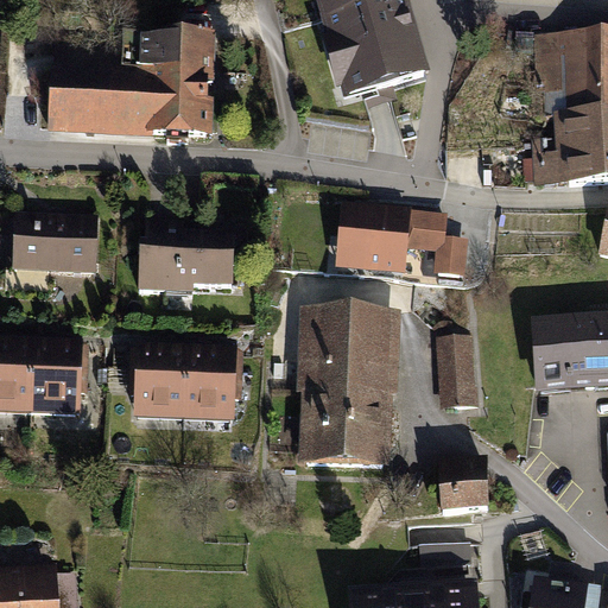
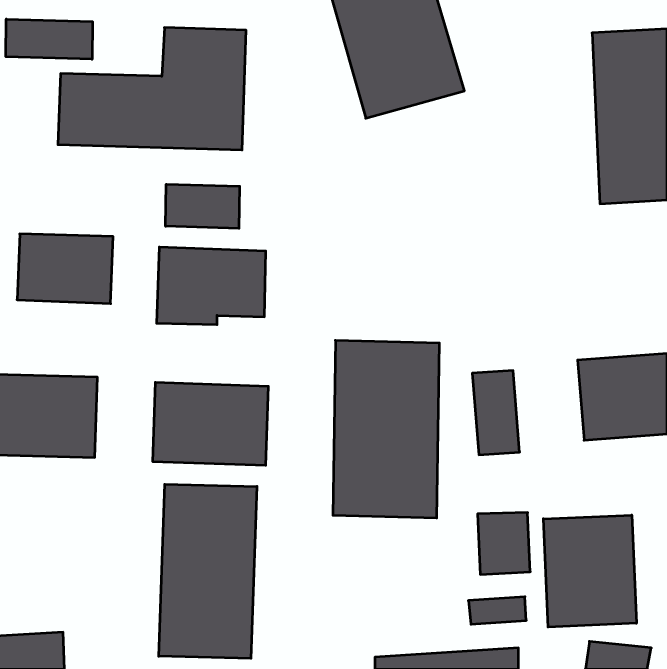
building: none -> [6,19,92,59]
building: none -> [166,184,240,228]
building: [336,197,470,271] -> none
building: none -> [159,484,257,658]
building: none -> [543,515,636,627]

